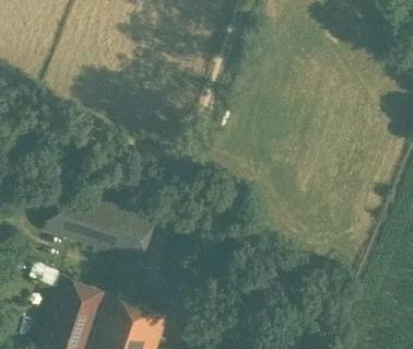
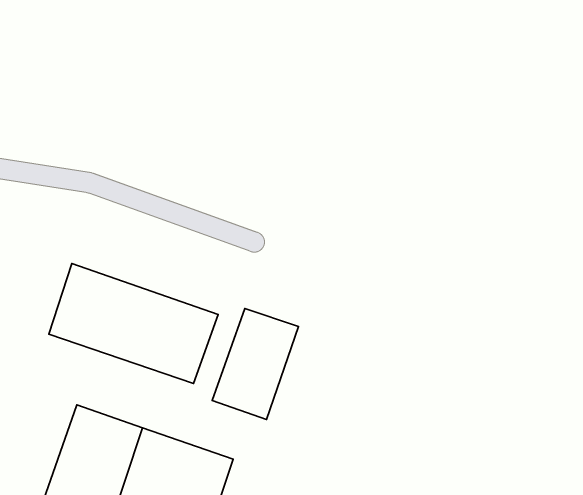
building: none -> [212,308,298,420]

